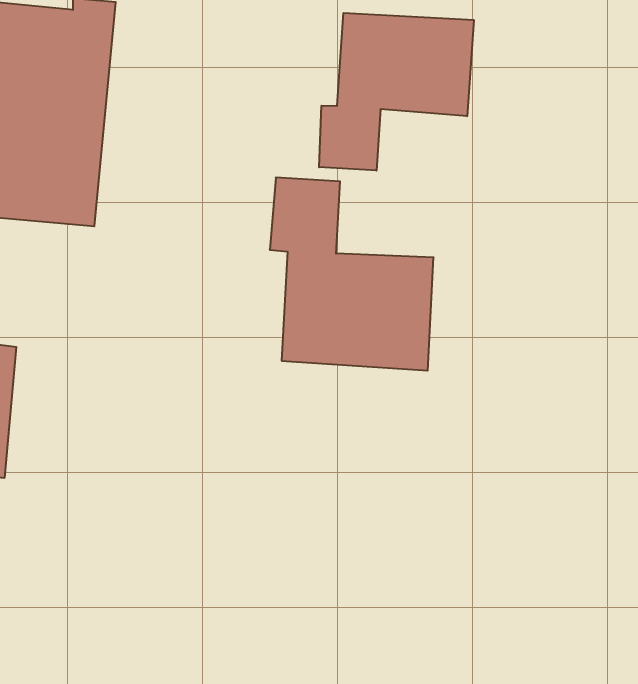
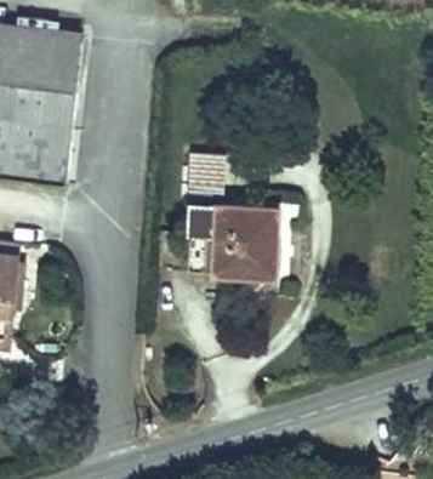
building: [319,13,474,171] -> none

